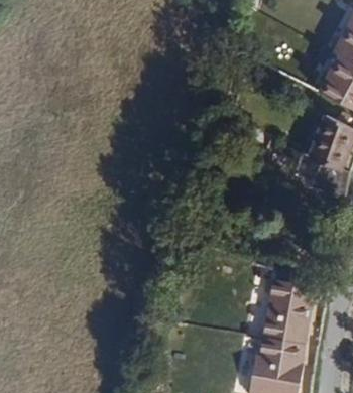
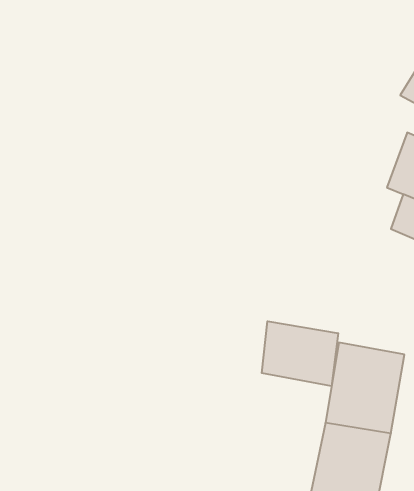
building: none -> [262,321,338,386]

